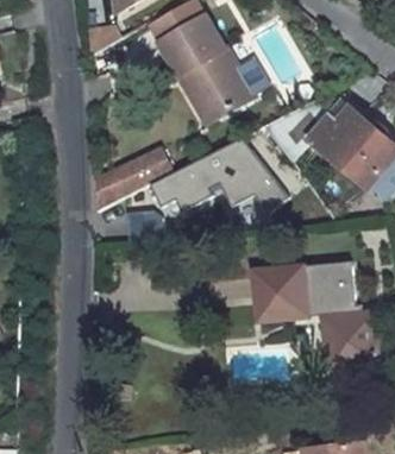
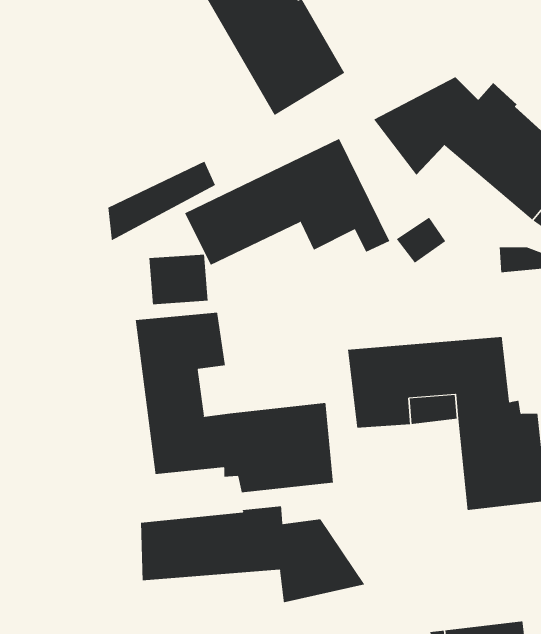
building: none -> [135,312,333,493]
building: none -> [140,505,365,603]

